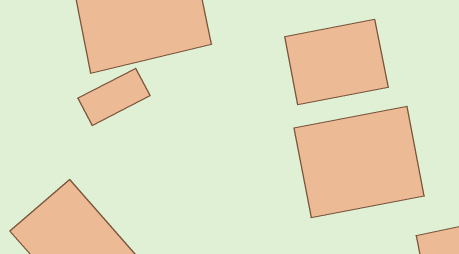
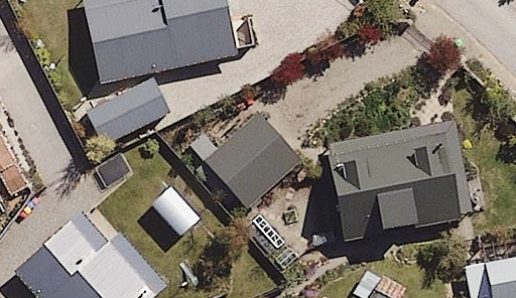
building: [285,19,388,105] -> none
building: none -> [194,104,303,213]

